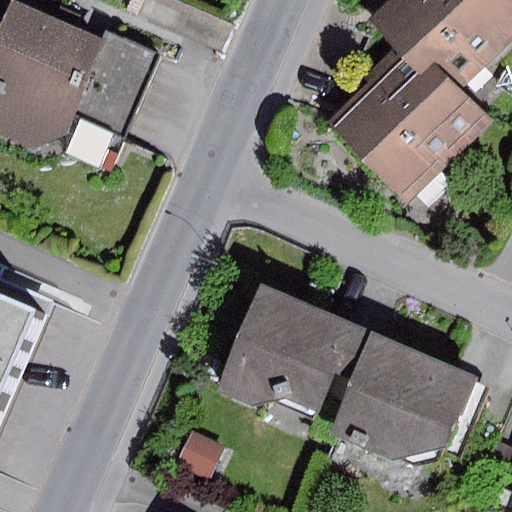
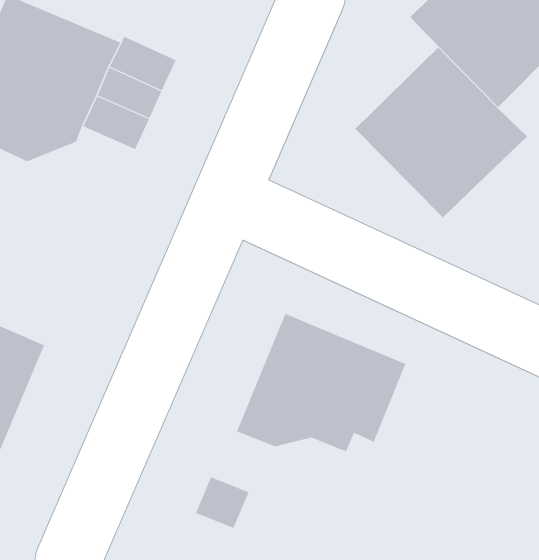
building: [330,331,475,458] -> none

